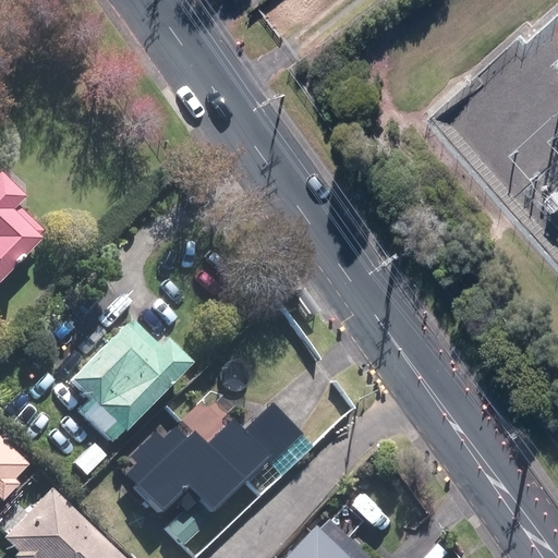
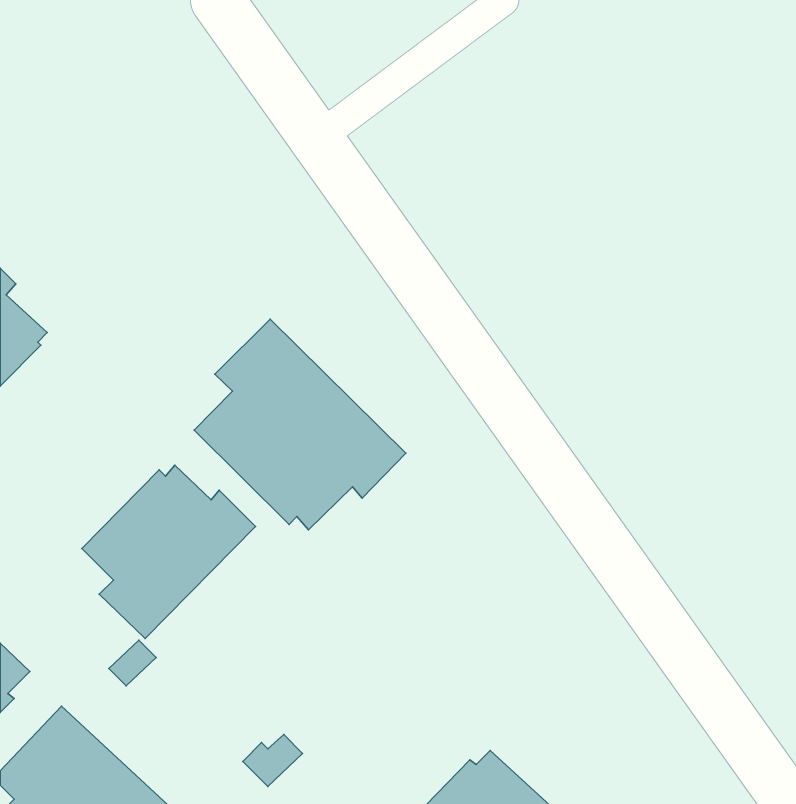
building: none -> [194,319,406,530]
building: [132,403,310,508] -> none

